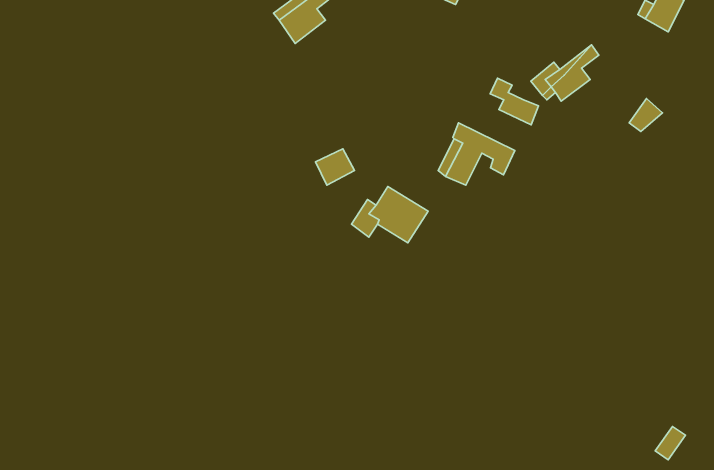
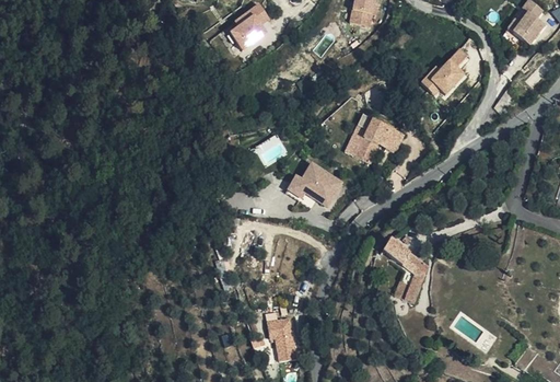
building: [490,78,539,125] -> none
building: none -> [380,235,427,301]
building: none -> [267,314,299,359]

